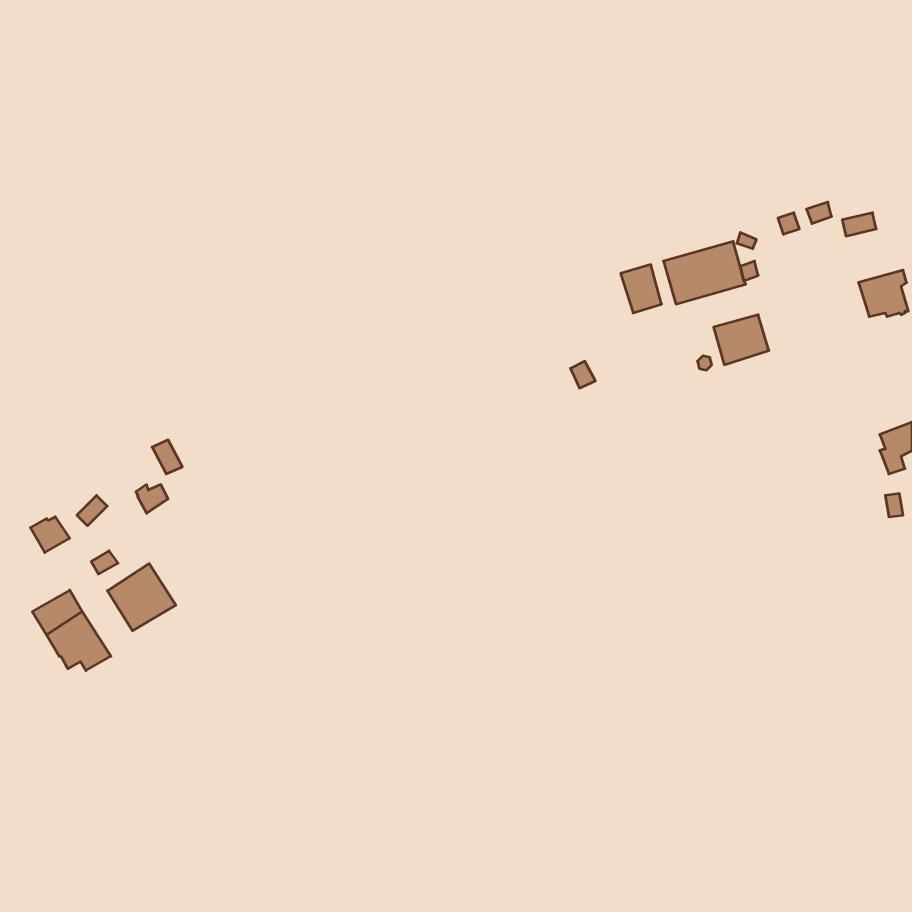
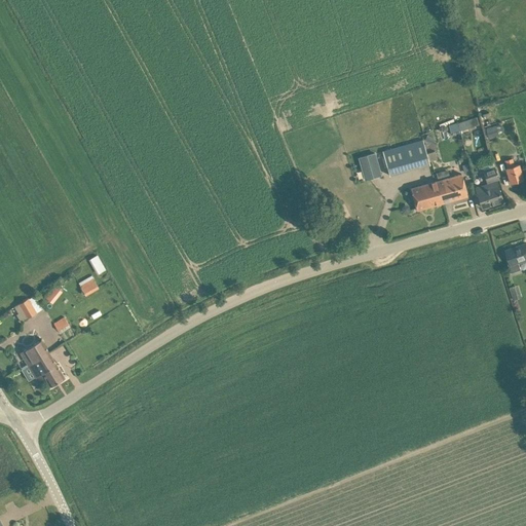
building: none -> [476,166,501,208]
building: none -> [436,175,466,202]
building: [107,564,176,631] -> none

